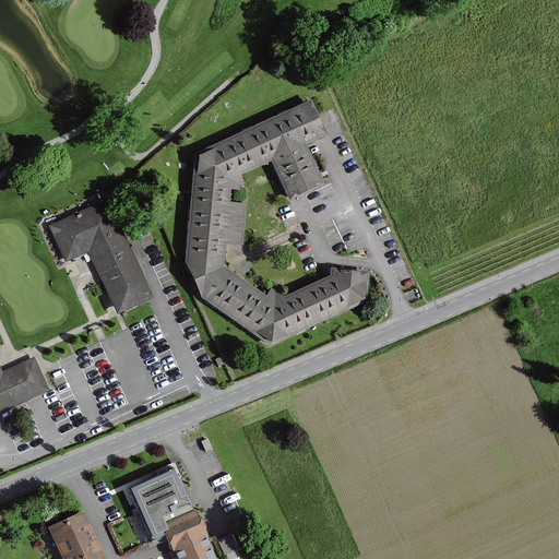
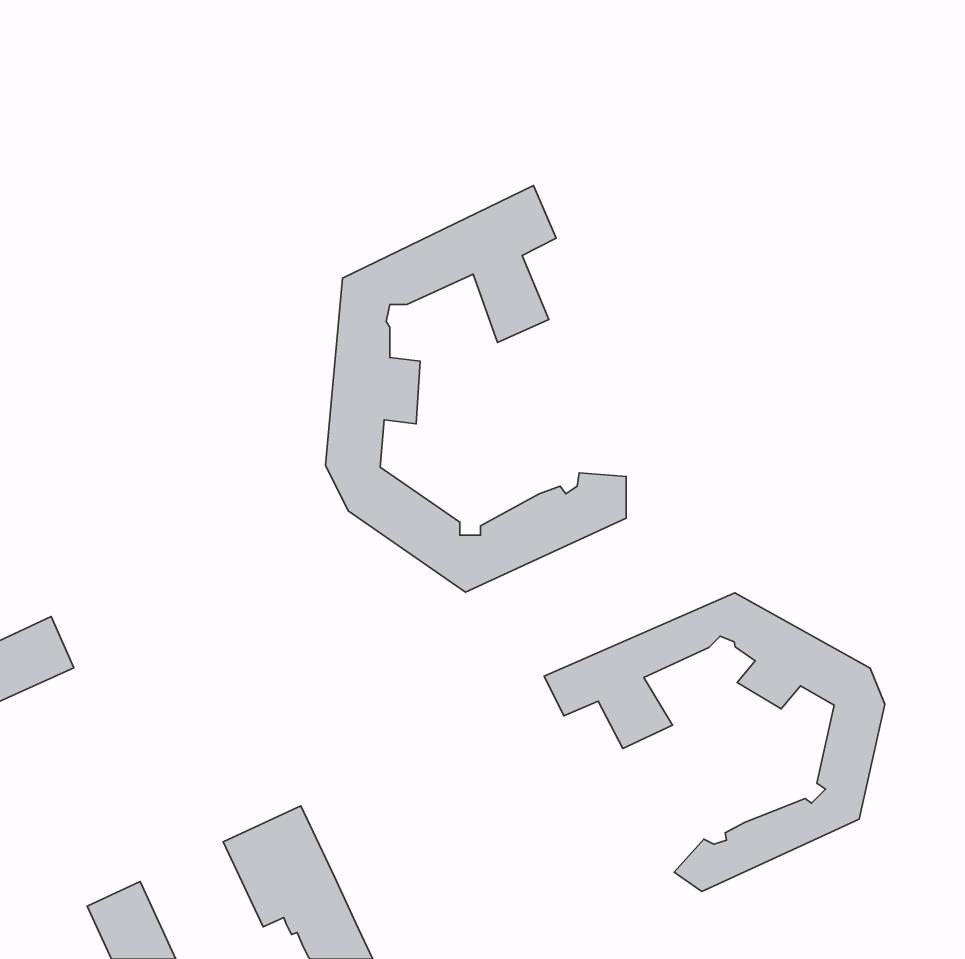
building: [46,195,150,311] -> none
building: none -> [544,593,885,891]

